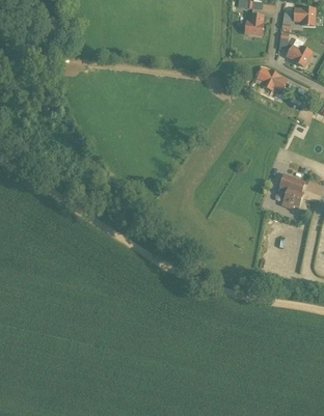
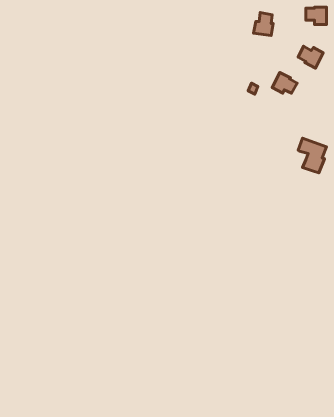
building: [278,173,305,206] -> [298,138,327,173]

